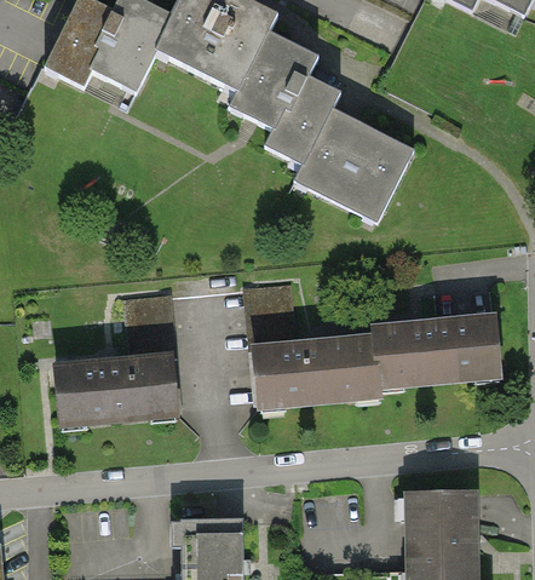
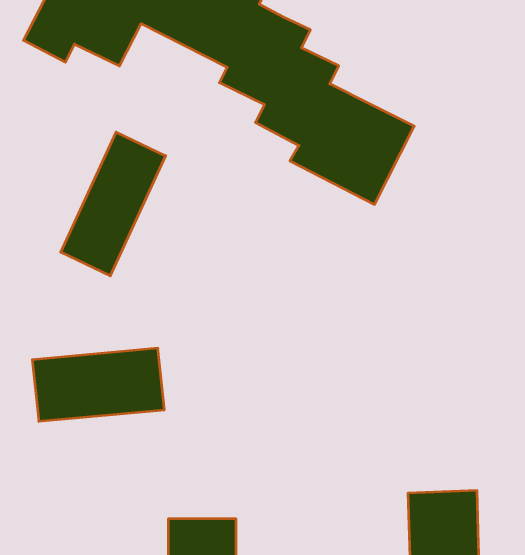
building: none -> [61,132,166,276]
building: [251,317,497,407] -> none

